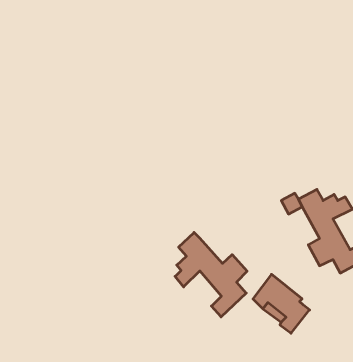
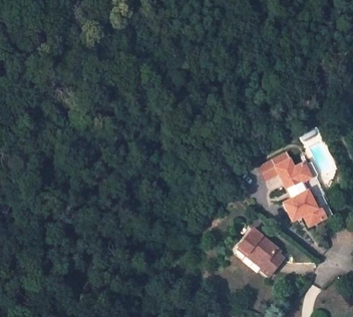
building: [175,232,247,317] -> none

